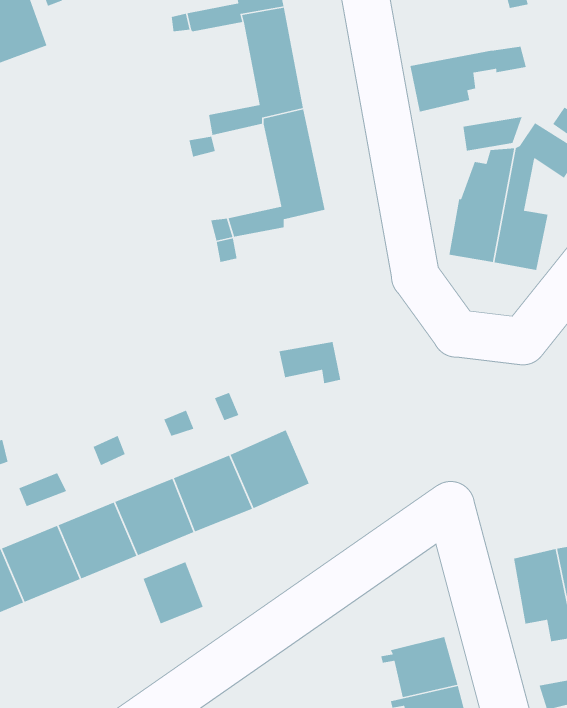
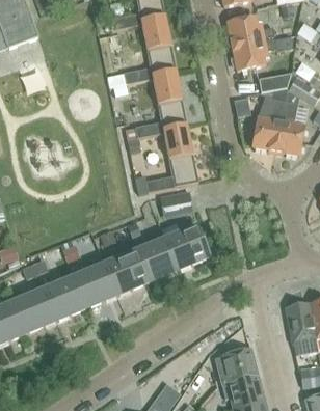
building: none -> [226,17,274,46]
building: none -> [135,122,197,193]
building: none -> [165,225,209,268]
building: [142,561,204,624] -> none

